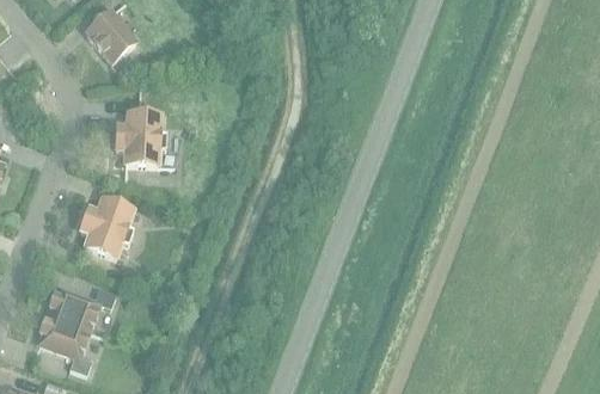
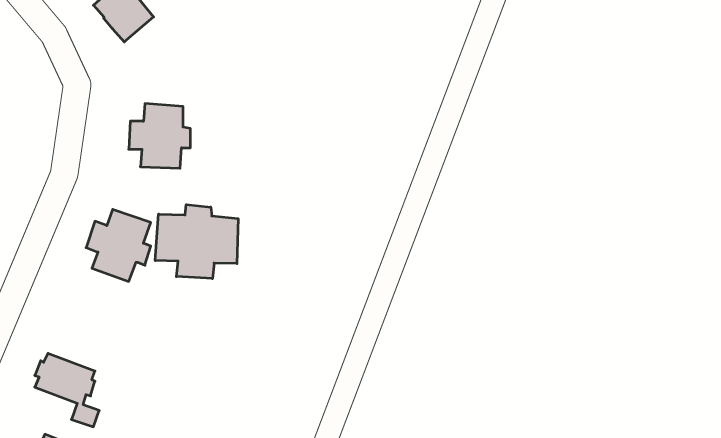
building: none -> [155,205,238,279]
building: [48,288,115,328] -> none

